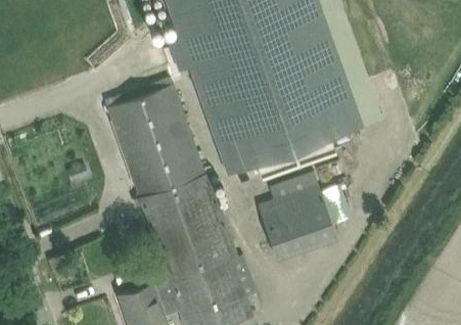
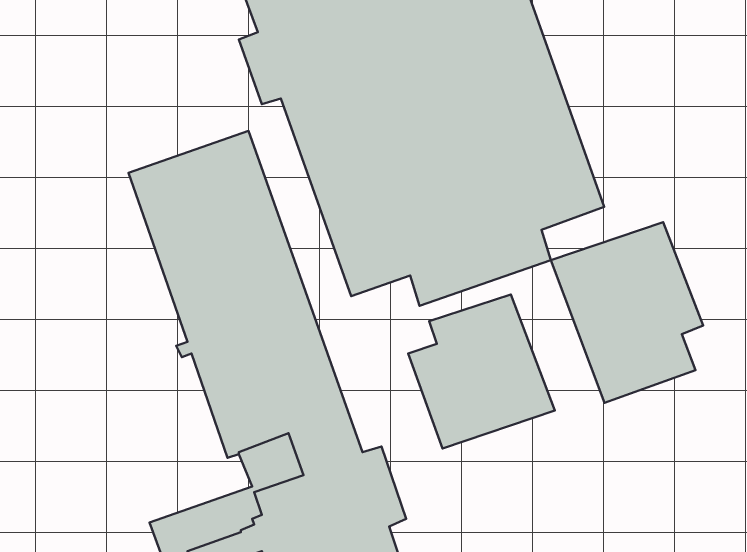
building: none -> [551,222,703,403]

